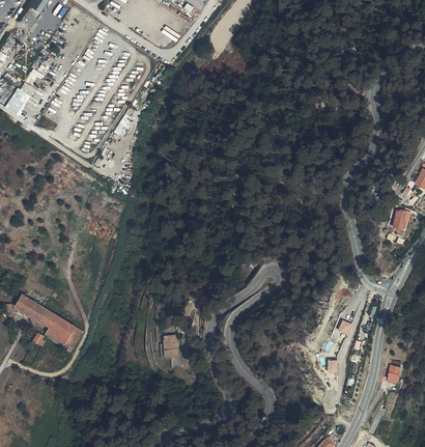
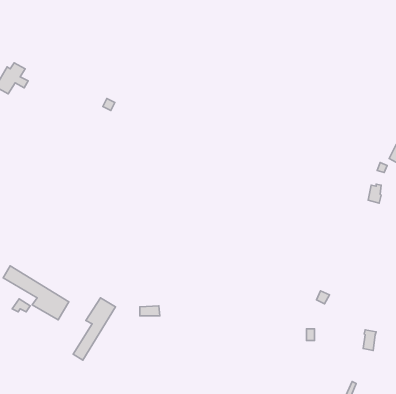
building: none -> [73,298,116,360]

